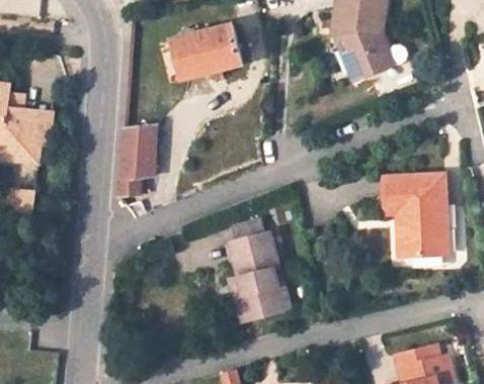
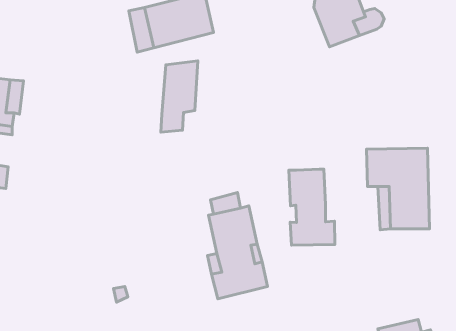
building: [119,125,156,195] -> [161,61,198,132]
building: none -> [289,169,335,245]

